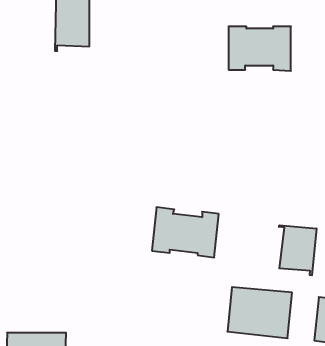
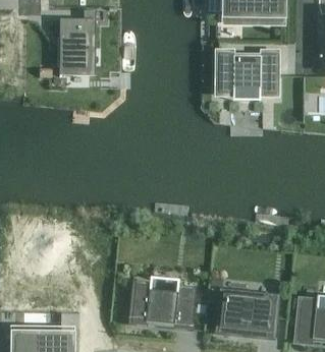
building: [152,207,219,257] -> [130,282,192,328]
building: [279,225,316,275] -> none

